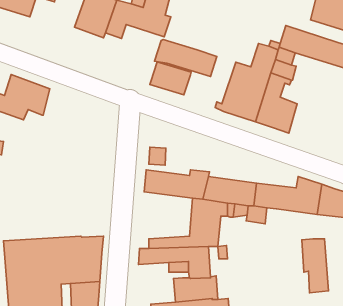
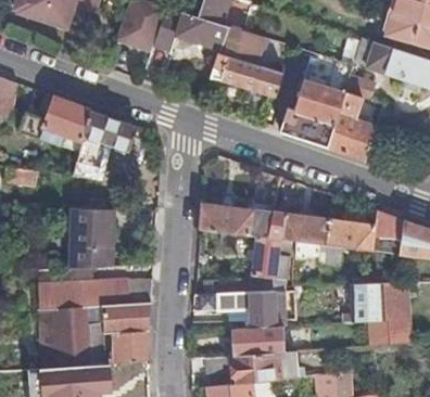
building: [150,62,191,95] -> [220,27,268,65]
building: none -> [72,110,137,179]
building: none -> [68,207,112,268]
building: none -> [332,283,382,322]

